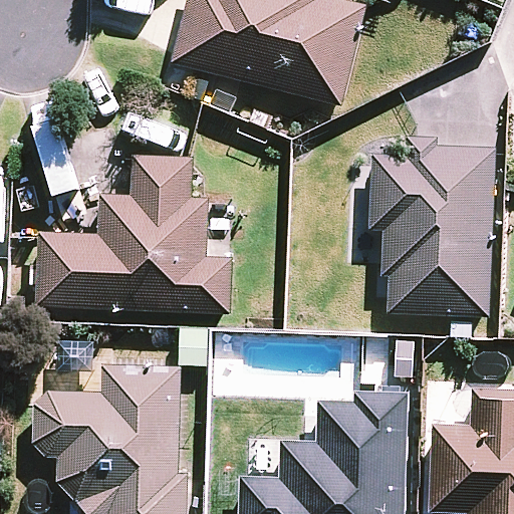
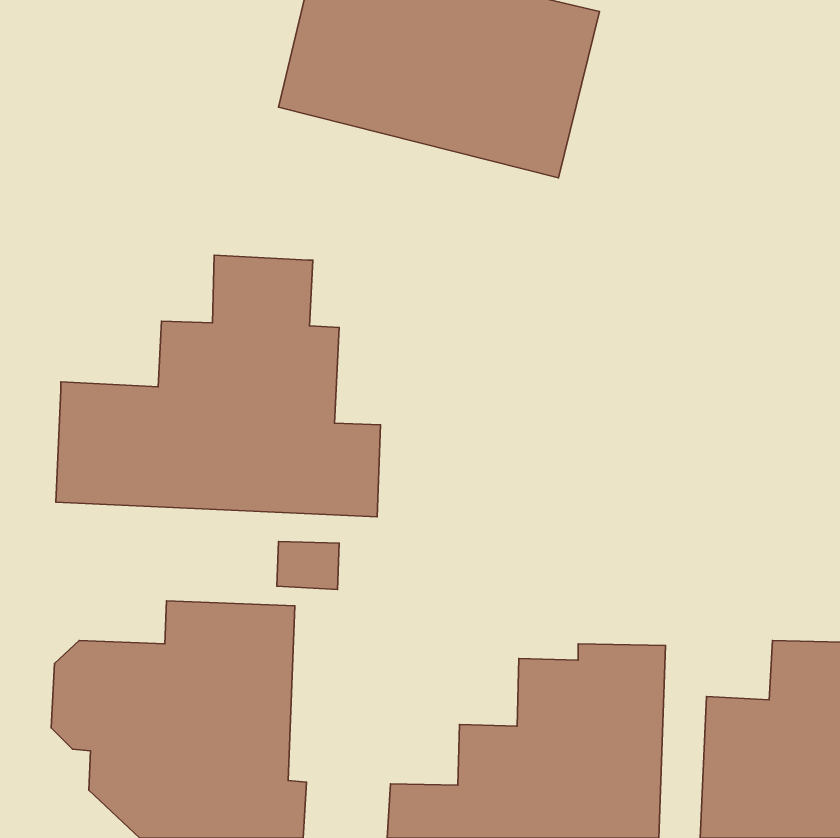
building: [369,138,496,319] -> none

